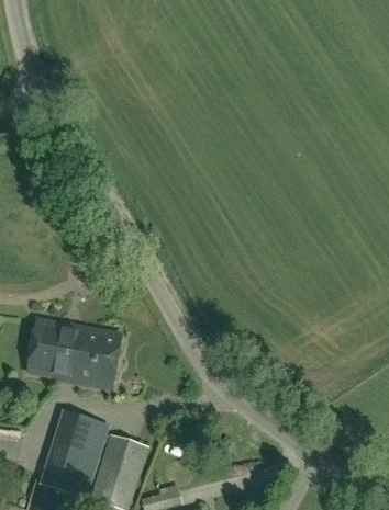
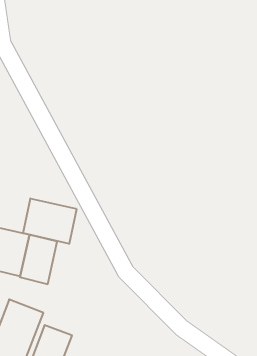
building: none -> [23,198,76,244]

